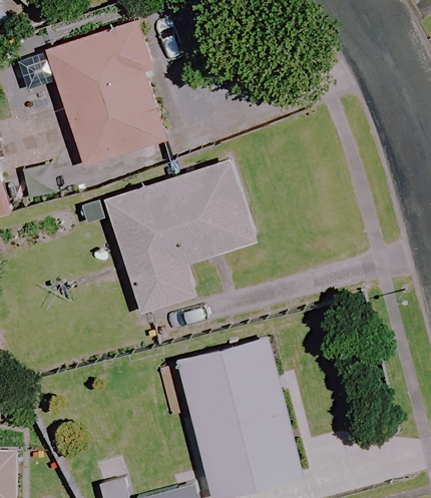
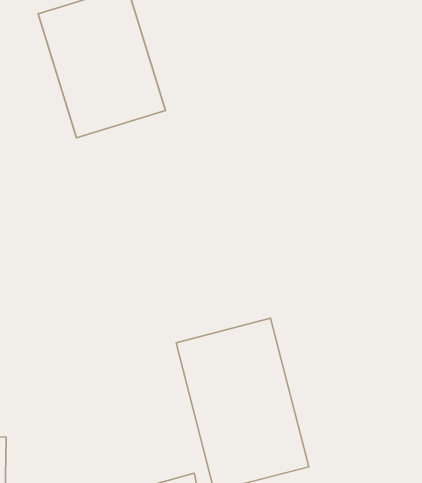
building: [106,161,255,313] -> none

